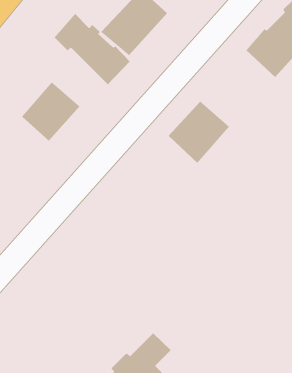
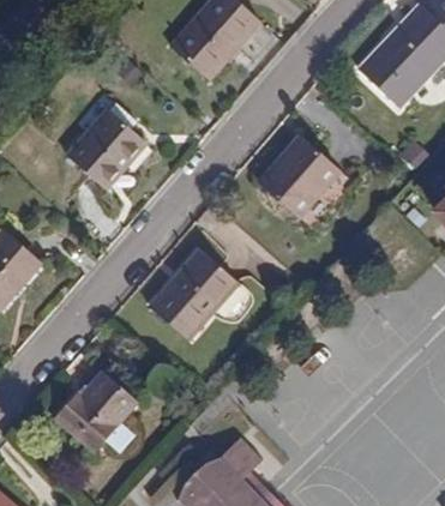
building: [54,13,130,85] -> none
building: none -> [152,248,239,339]
building: none -> [56,372,138,451]

